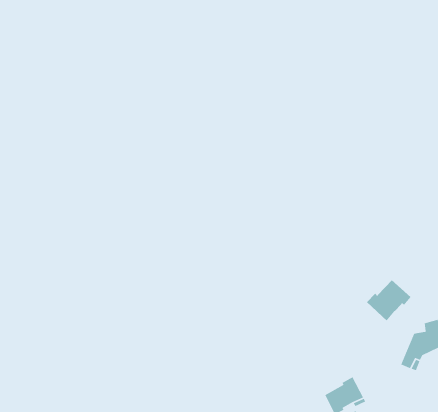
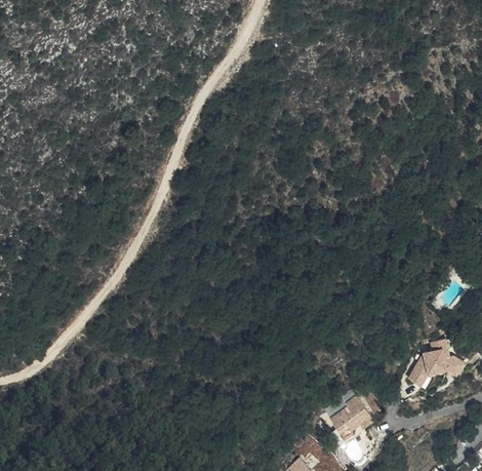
building: [366,280,412,321] -> none

